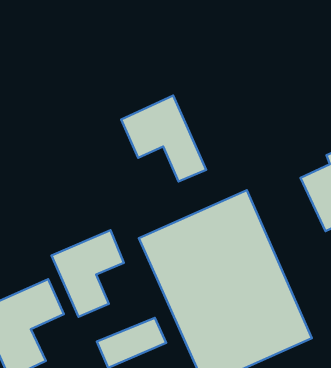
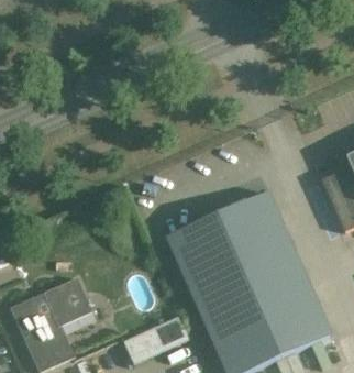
building: [121,96,206,181] -> none
building: [52,230,124,317] -> none

